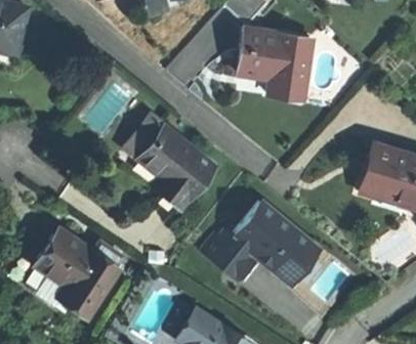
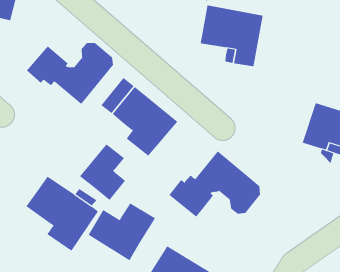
building: none -> [26,42,114,105]
building: none -> [79,143,126,201]
building: none -> [88,202,156,261]

